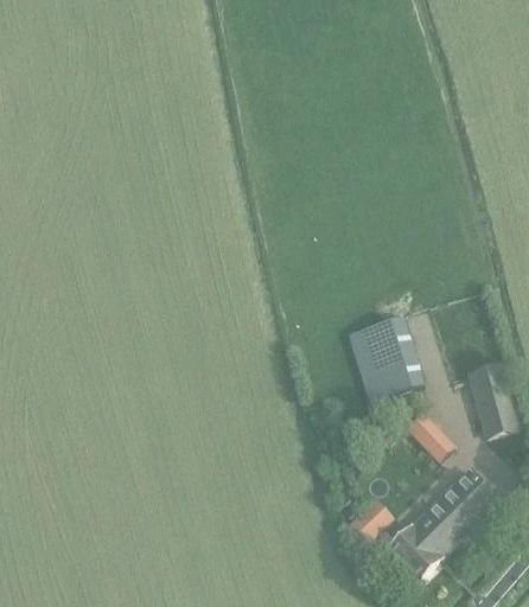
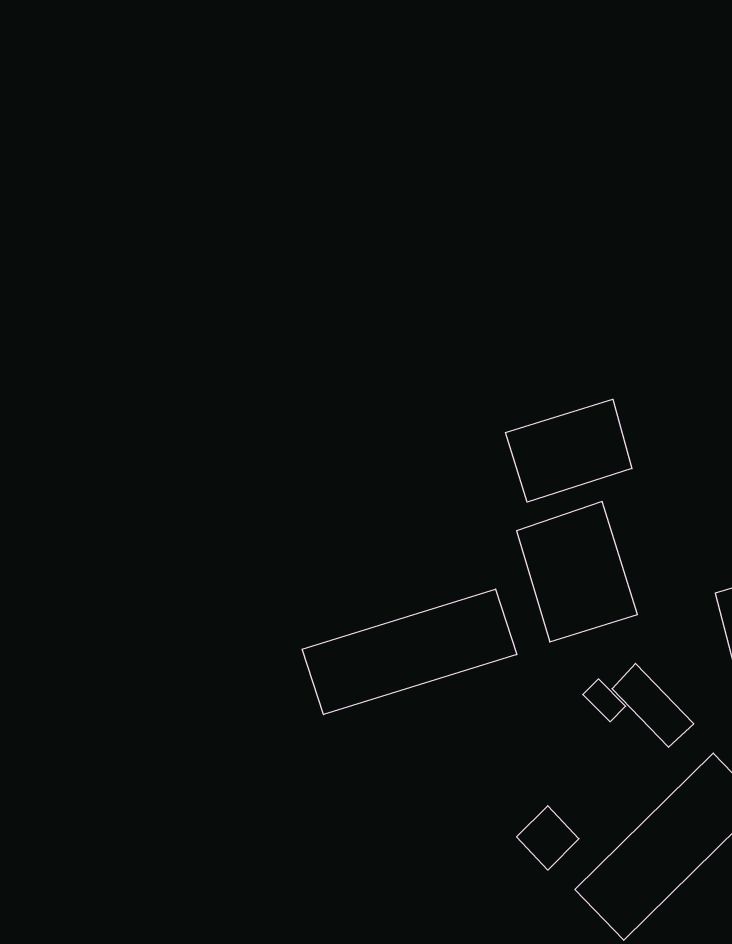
building: none -> [505,399,632,502]
building: none -> [302,589,517,715]

